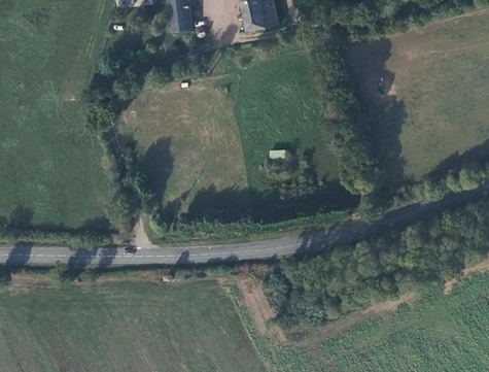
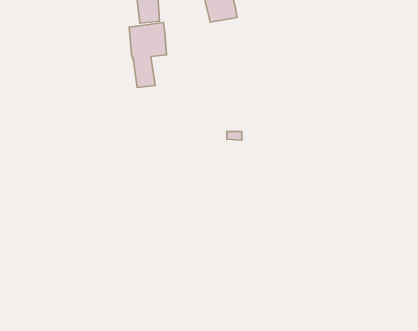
building: none -> [129,22,167,87]

